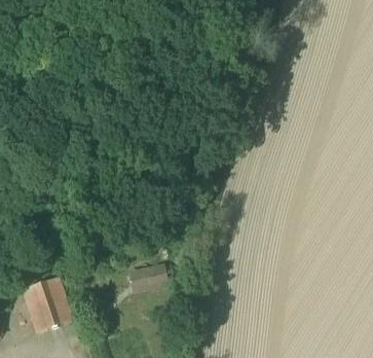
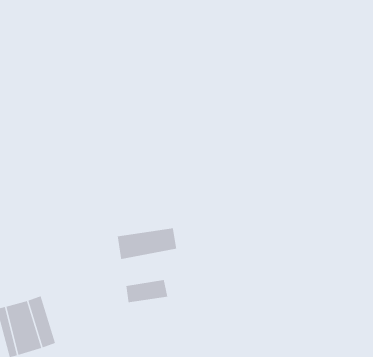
building: none -> [117,228,177,260]

